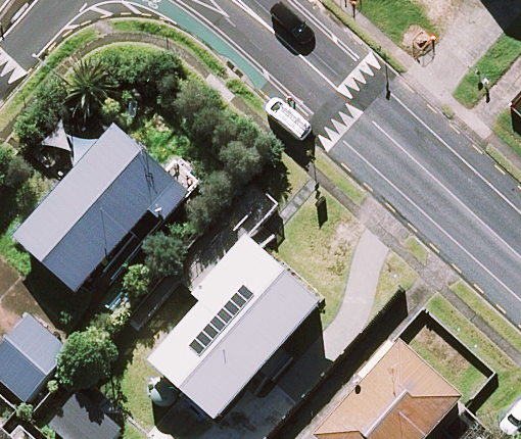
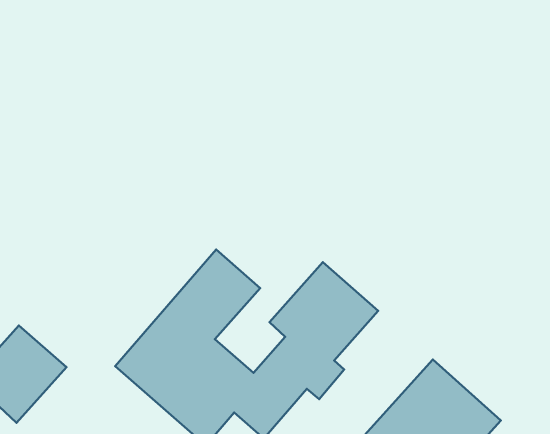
building: [13,123,190,291] -> none

